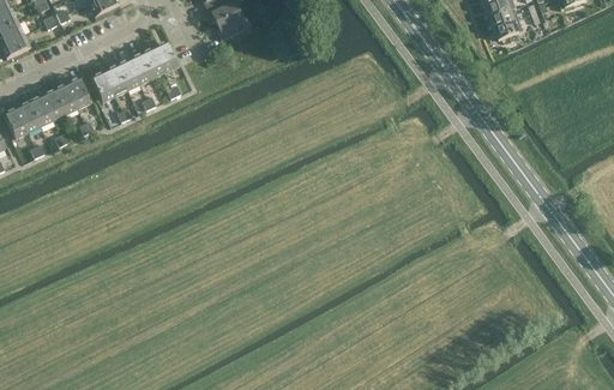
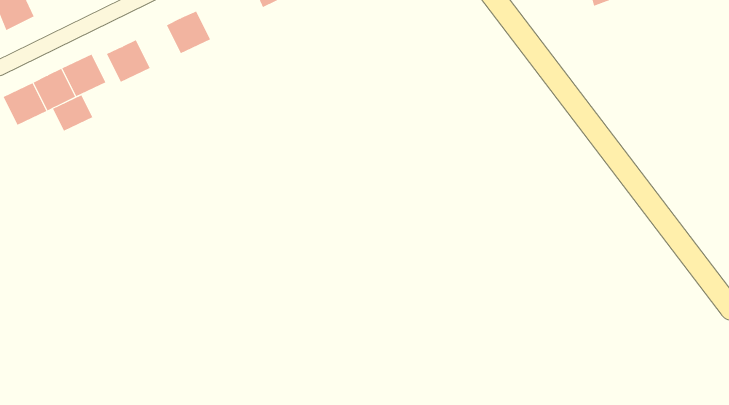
building: [115,54,152,90] -> none
building: none -> [52,95,93,132]

